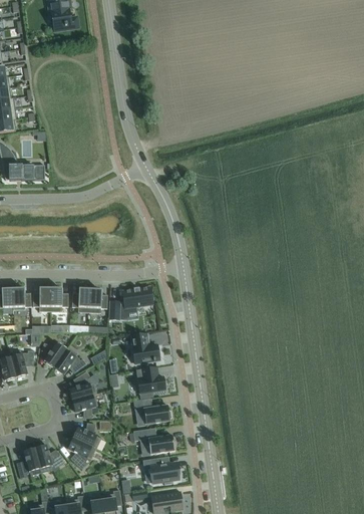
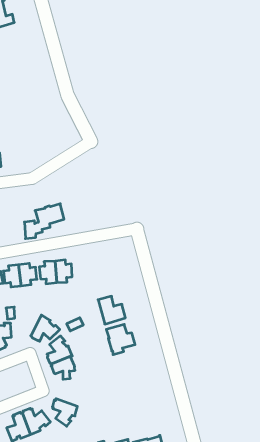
building: [108,286,152,319] -> [24,204,64,239]
building: [41,341,67,366] -> none
building: [133,398,171,424] -> none
building: [73,423,100,449] -> none
building: [133,428,174,454] -> none
building: [142,457,178,484] -> none

